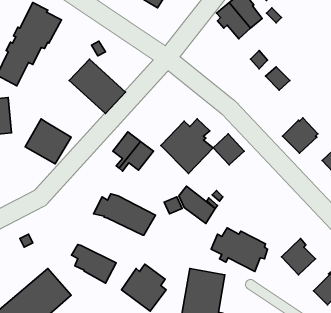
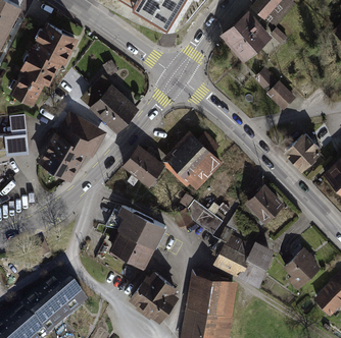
building: none -> [58,117,99,153]
building: [213,134,244,165] -> [249,188,279,218]
building: [71,245,116,283] -> [109,228,152,265]

